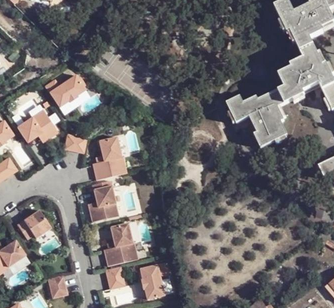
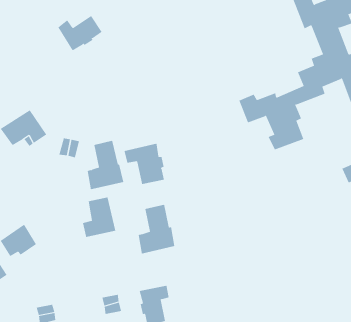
building: [46,73,86,105] -> [57,15,103,51]
building: none -> [124,143,165,185]
building: [104,223,137,267] -> [138,204,175,254]

